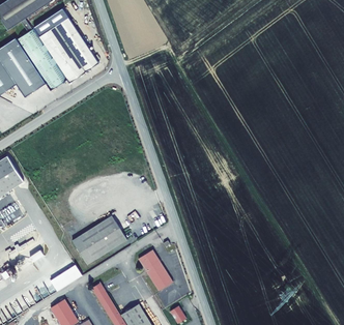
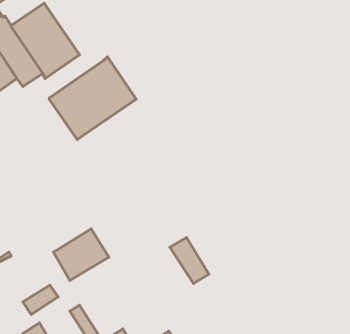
building: none -> [49,57,136,140]
building: [138,249,172,290] -> [170,238,209,283]

